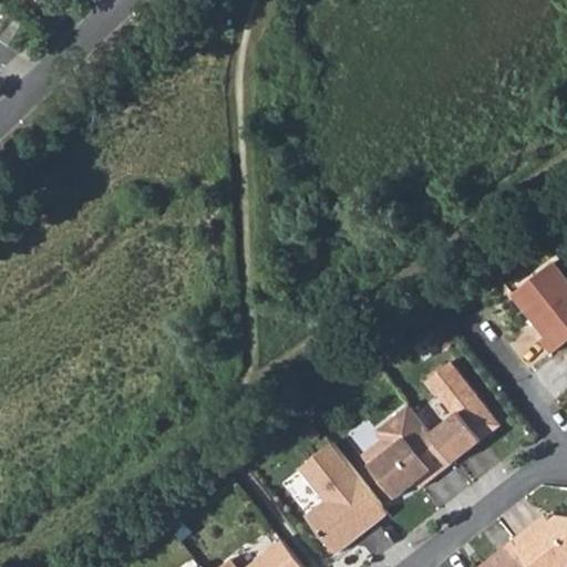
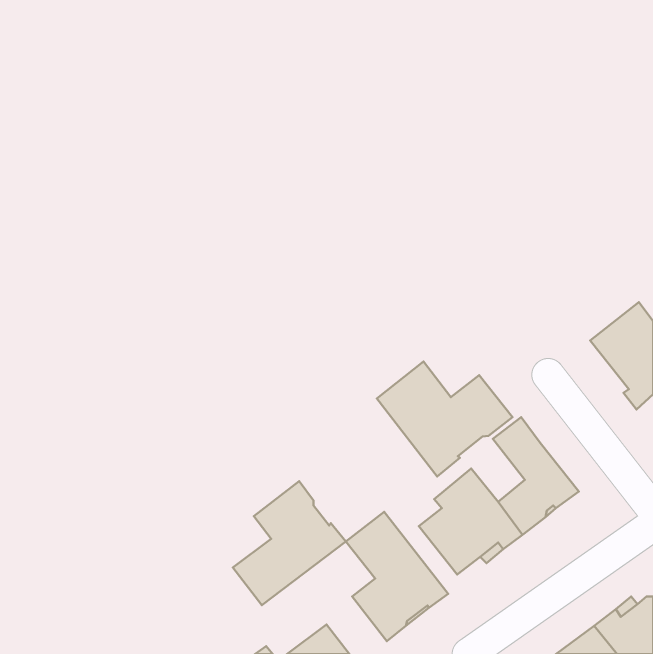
building: none -> [377,361,512,477]
building: none -> [233,481,346,605]

